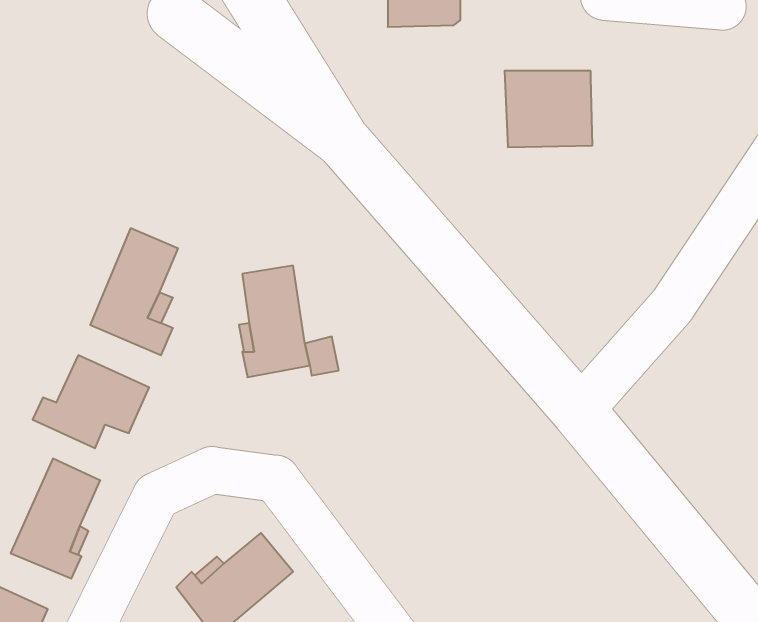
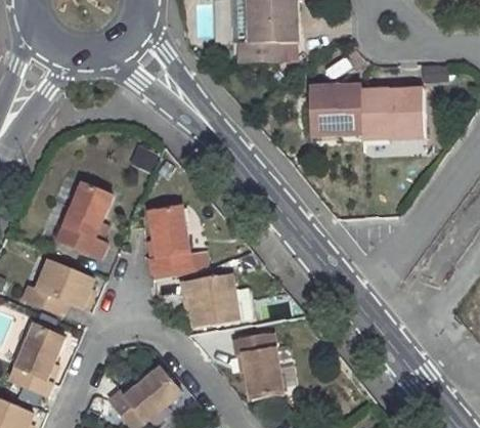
building: none -> [360,91,423,139]
building: none -> [191,273,247,326]
building: none -> [232,334,280,398]

